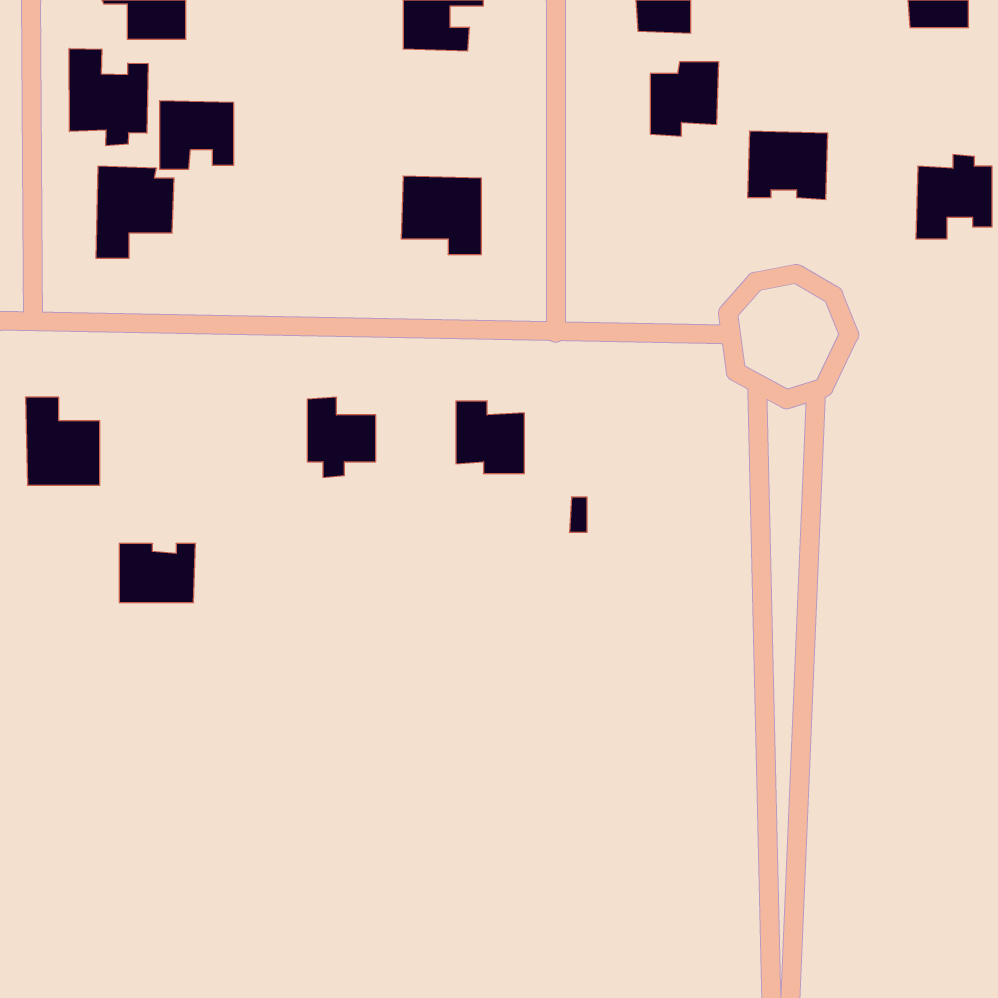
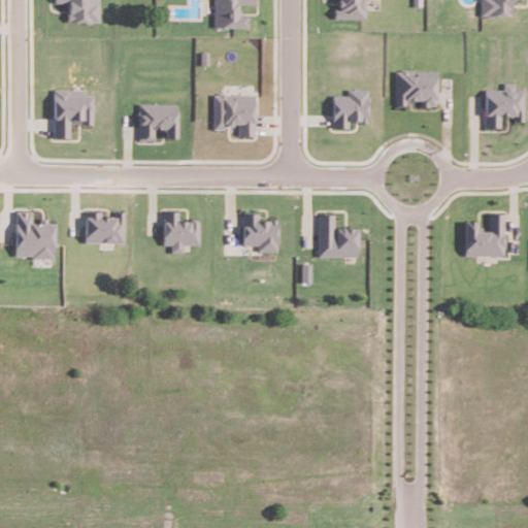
building: [69,48,148,146] -> none
building: [650,62,719,136] -> [332,89,368,128]
building: [159,101,234,169] -> [138,103,177,139]
building: none -> [464,212,504,256]
building: none -> [317,213,357,257]
building: [119,544,196,602] -> [85,211,125,242]

